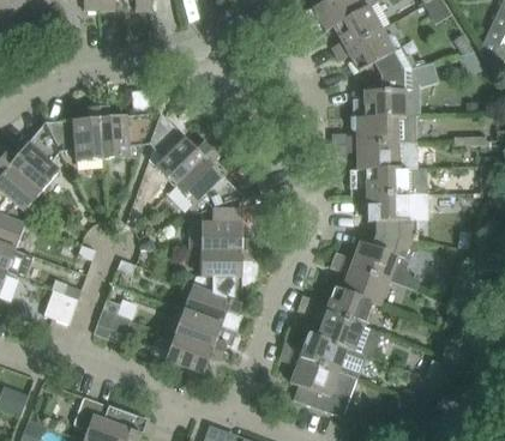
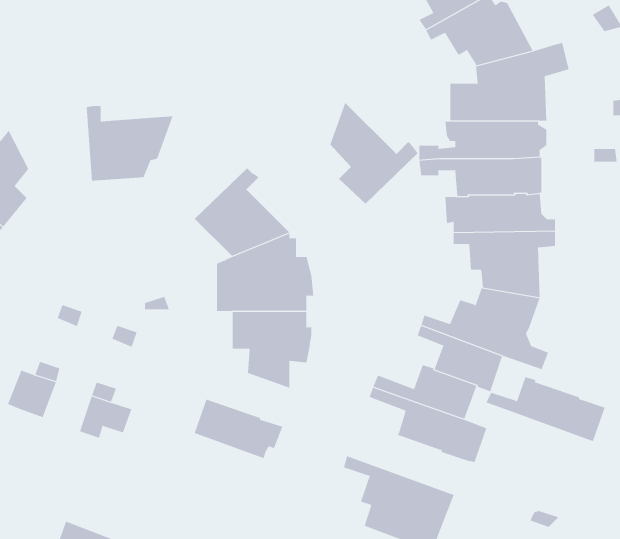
building: [44,107,102,161] -> none
building: [149,113,211,185] -> [329,102,419,205]
building: [182,285,242,330] -> none
building: [281,332,365,377] -> [486,377,606,442]
building: [164,334,223,374] -> none

